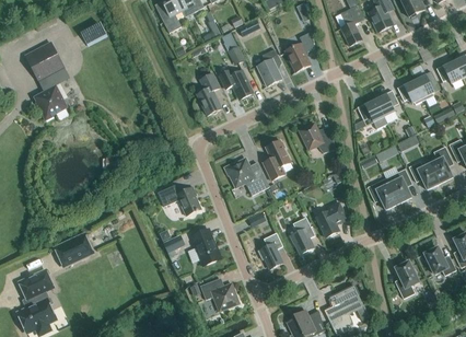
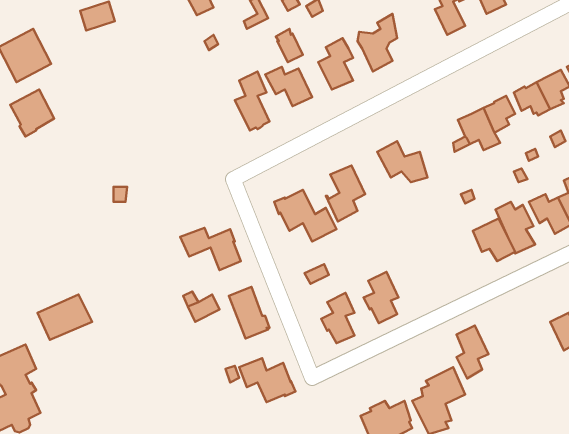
building: [316,201,348,236] -> none
building: [396,260,419,299] -> [457,325,488,379]

